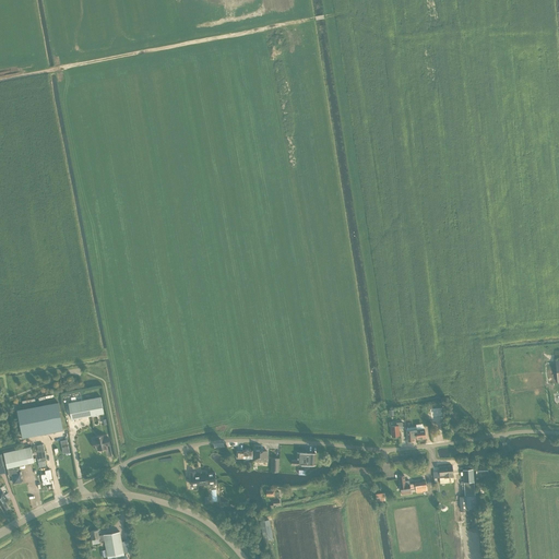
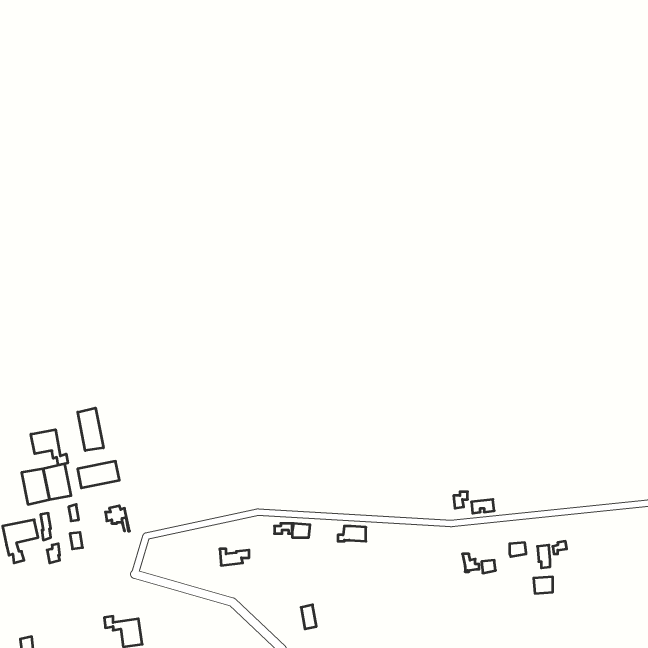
building: none -> [78,408,103,451]
building: none -> [31,430,68,465]

